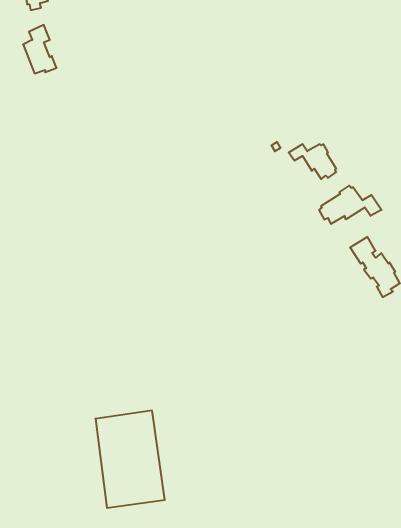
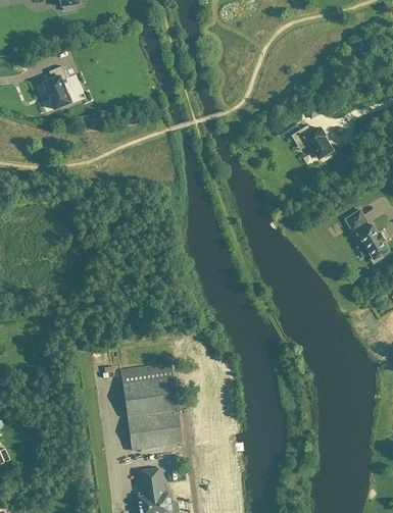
building: [23,25,57,73] -> [42,66,71,109]
building: [319,186,382,224] -> none

